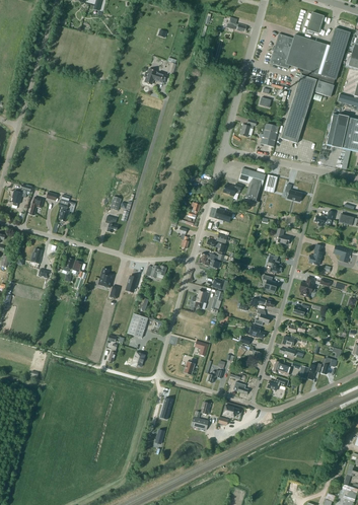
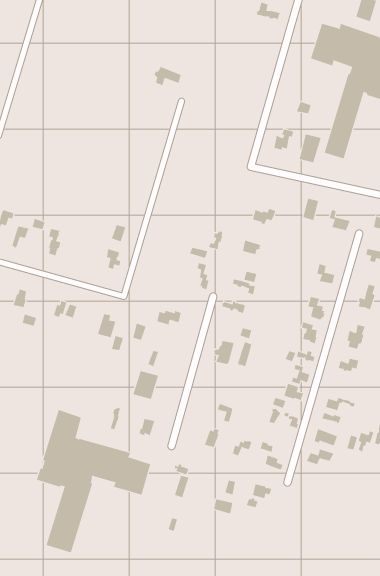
building: [238,167,265,201] -> none
building: none -> [36,409,151,553]

